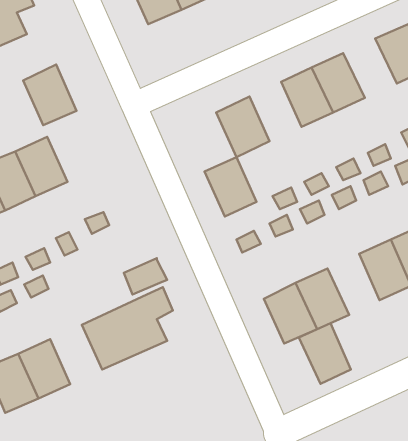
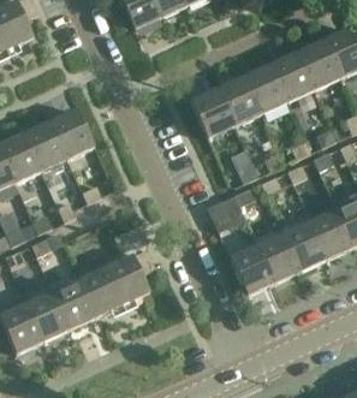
building: none -> [297,40,341,89]
building: [23,65,77,125] -> [50,108,95,159]
building: [205,157,257,216] -> [219,76,262,125]
building: [299,323,351,384] -> [284,219,327,269]
building: none -> [53,278,96,327]

